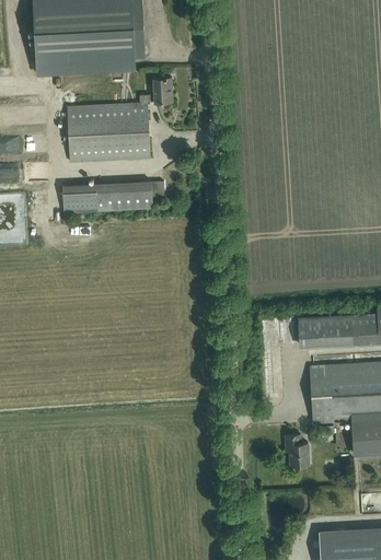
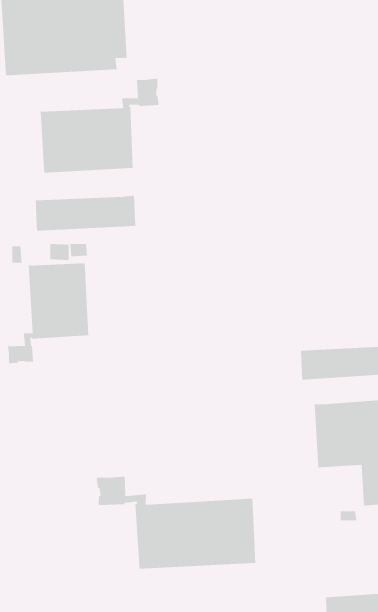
building: none -> [7,263,89,364]
building: none -> [96,476,256,569]
building: [286,434,309,465] -> none

